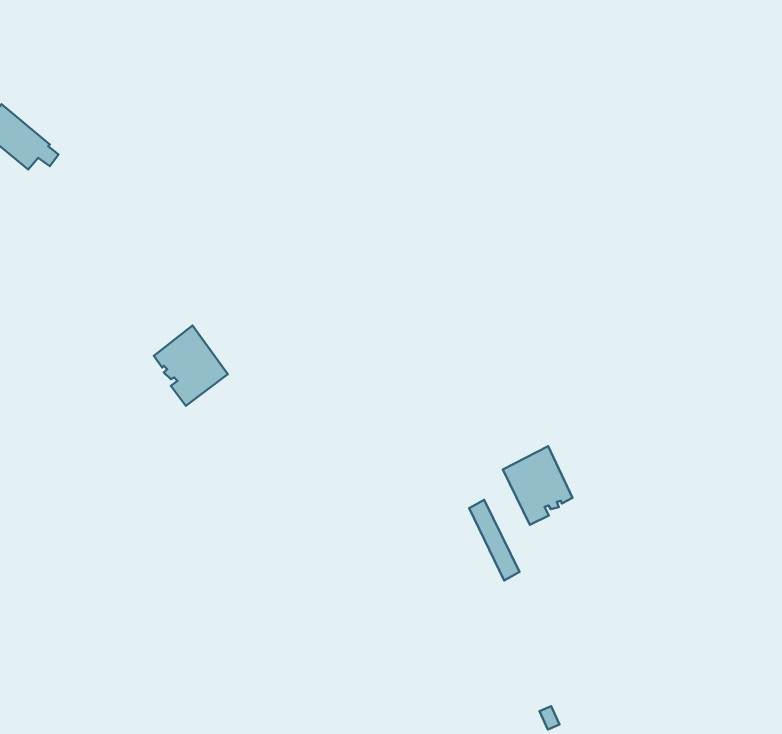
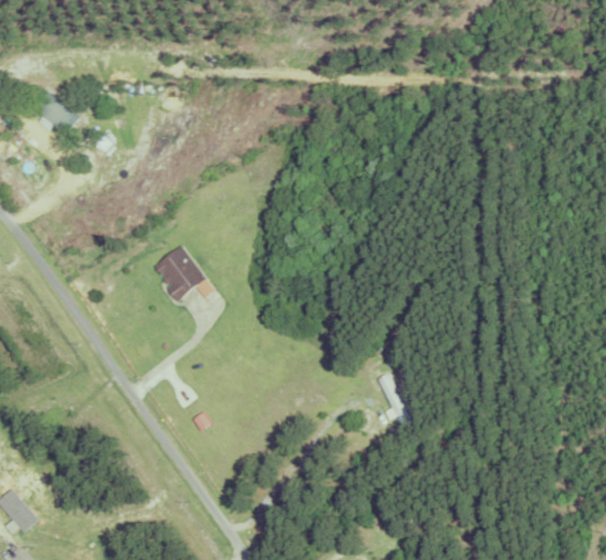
building: [503,446,573,525] -> none

